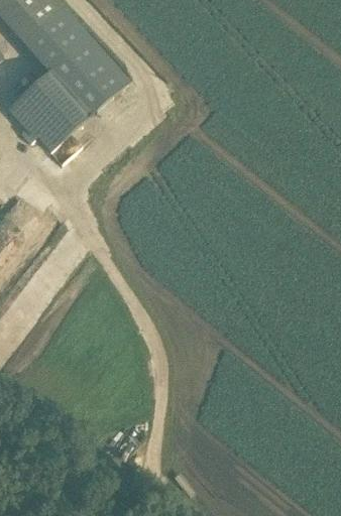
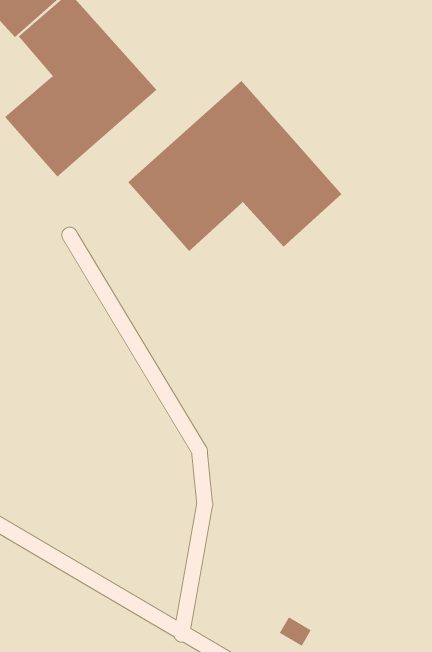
building: none -> [128,80,342,252]

